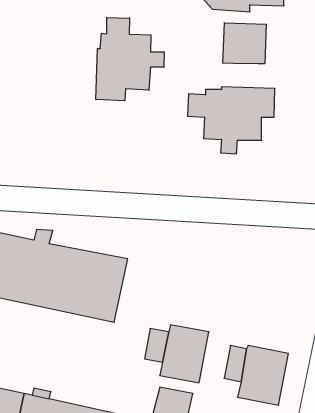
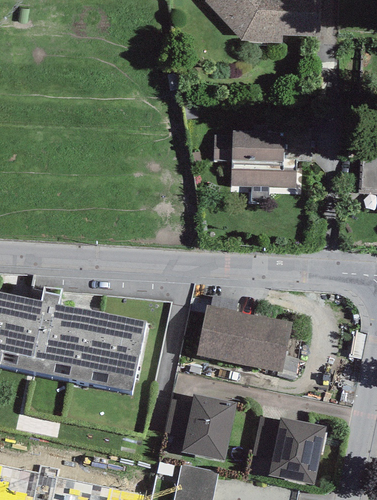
building: [96,17,164,101] -> none
building: [223,23,266,64] -> none
building: none -> [197,306,292,373]

